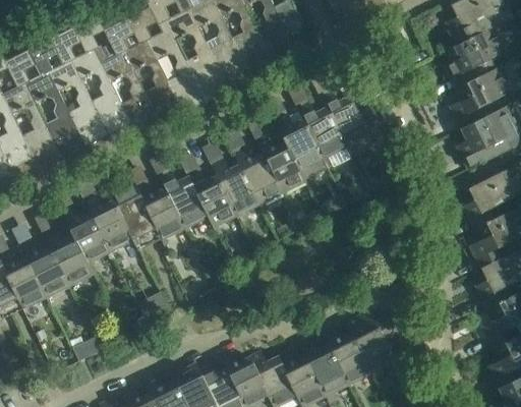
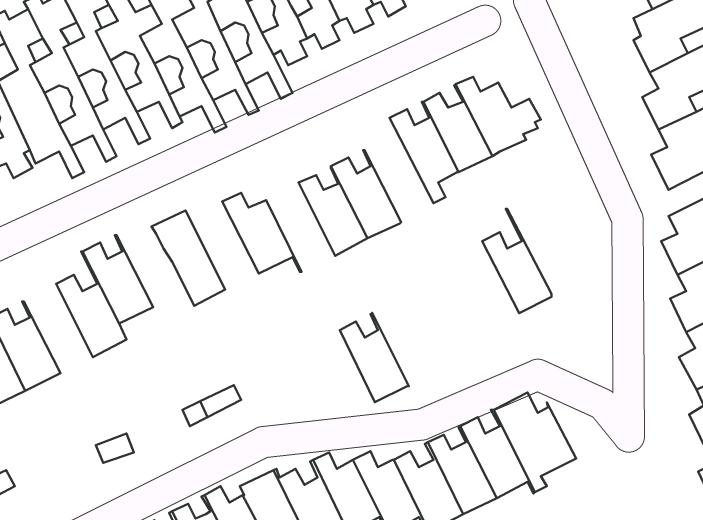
building: [259,120,307,192] -> [482,209,551,313]
building: [191,165,239,227] -> [340,313,409,402]
building: [135,178,186,239] -> none
building: [88,195,141,251] -> none
building: [23,235,71,297] -> none

